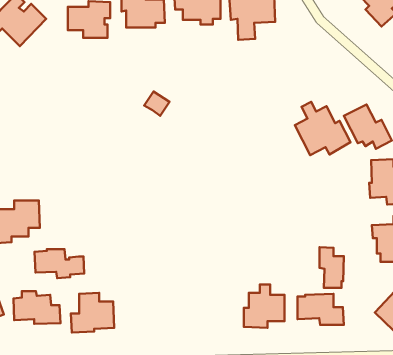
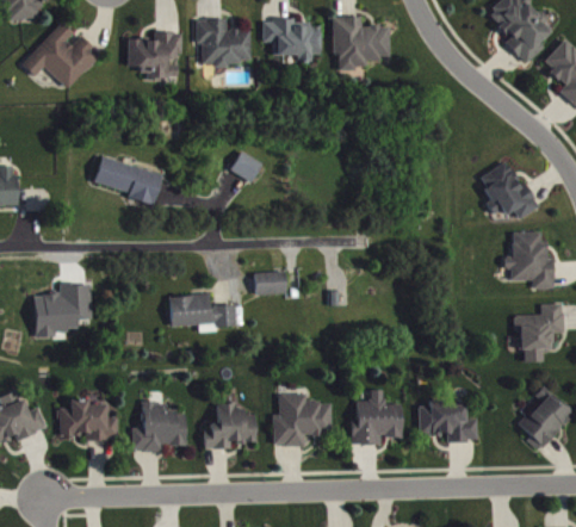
building: none -> [88,151,156,199]
building: [295,102,351,155] -> none
building: none -> [249,266,279,290]
building: [319,247,344,288] -> none
building: [34,249,84,278] -> [165,290,228,327]
building: none -> [273,393,332,445]
building: none -> [204,402,255,448]

